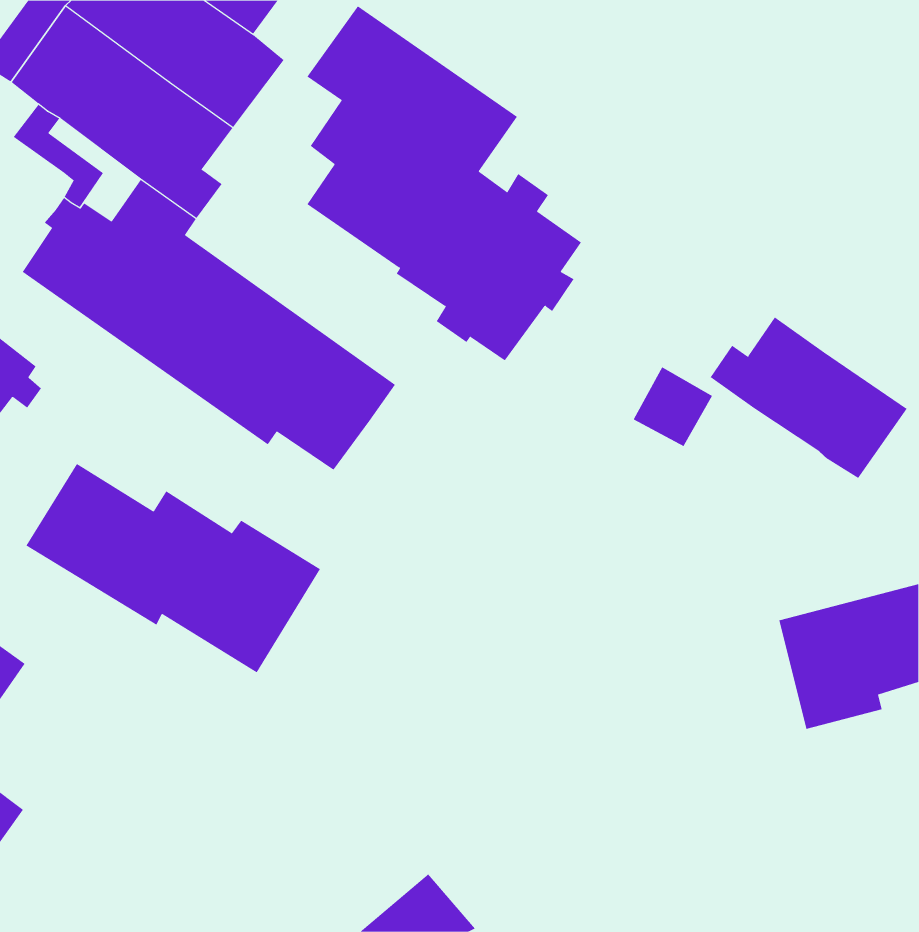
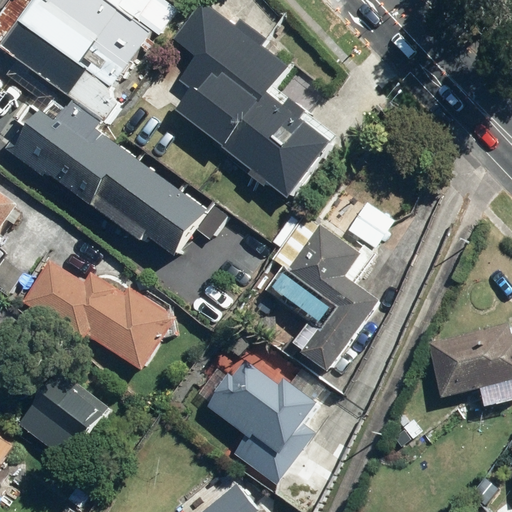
building: [710,317,908,479] -> none
building: none -> [264,211,385,371]
building: none -> [210,357,325,483]
building: none -> [11,370,104,462]

